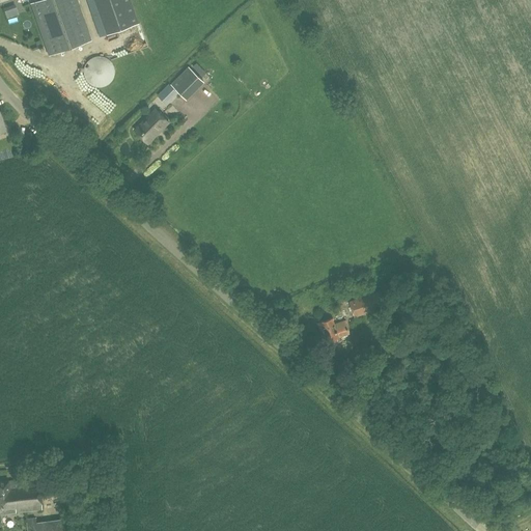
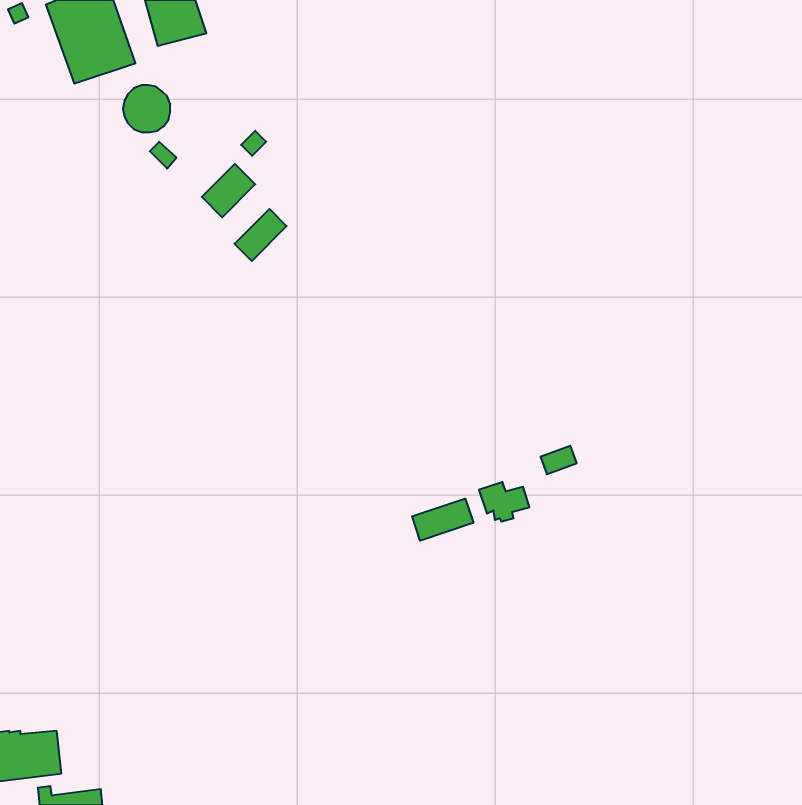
building: [170,66,202,99] -> none
building: none -> [234,209,287,261]
building: none -> [412,499,473,541]

